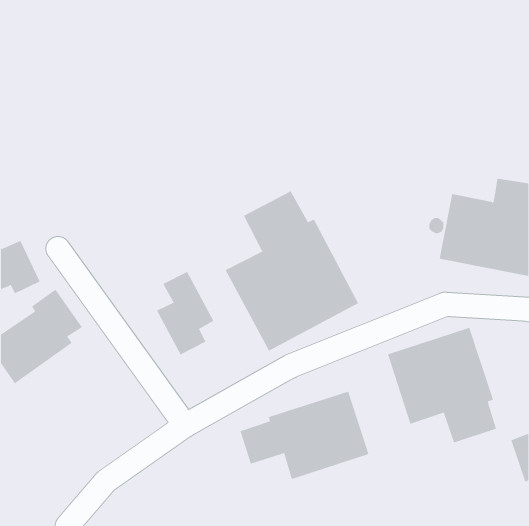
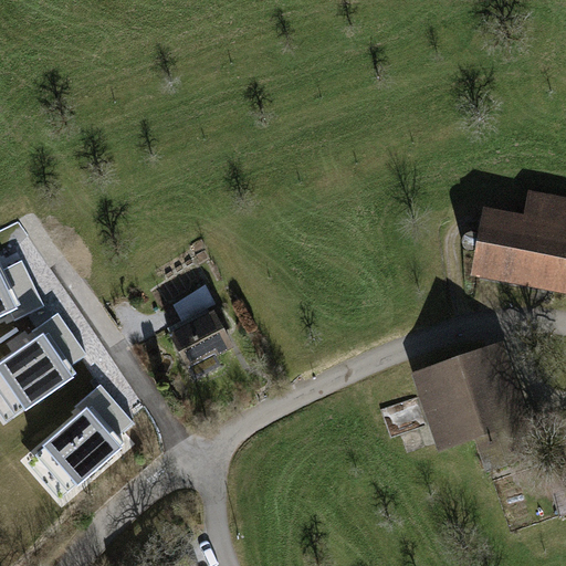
building: [225,191,359,352] -> none
building: none -> [34,380,135,488]
building: [240,391,369,480] -> none

